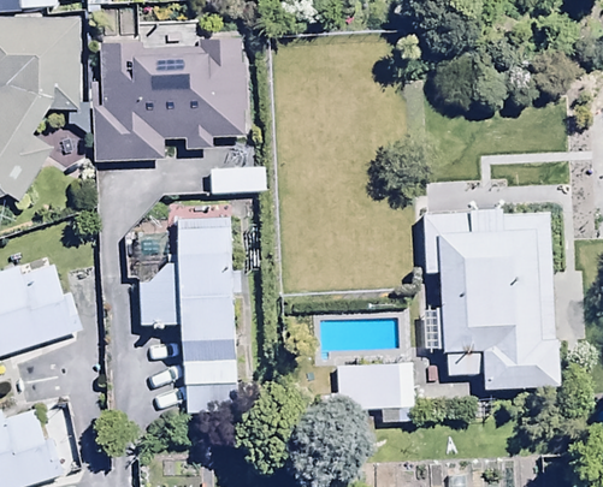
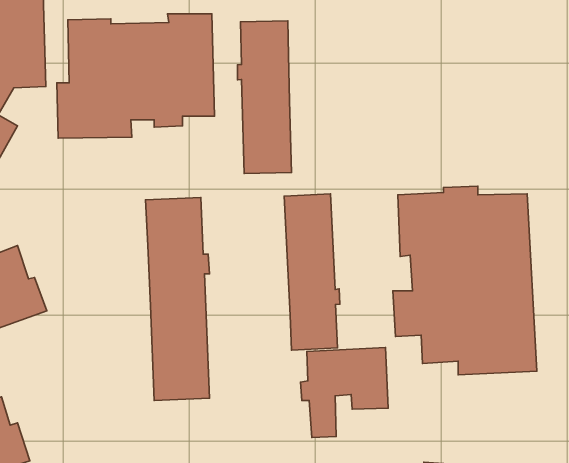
building: none -> [237,21,292,174]
building: none -> [284,194,340,350]
building: [140,262,182,322] -> none

